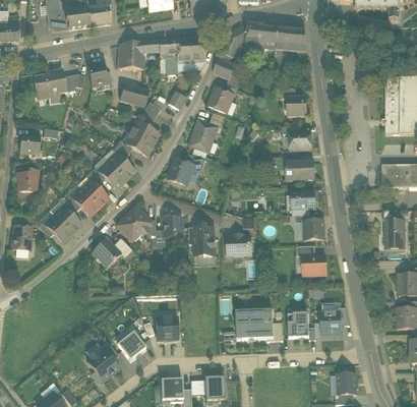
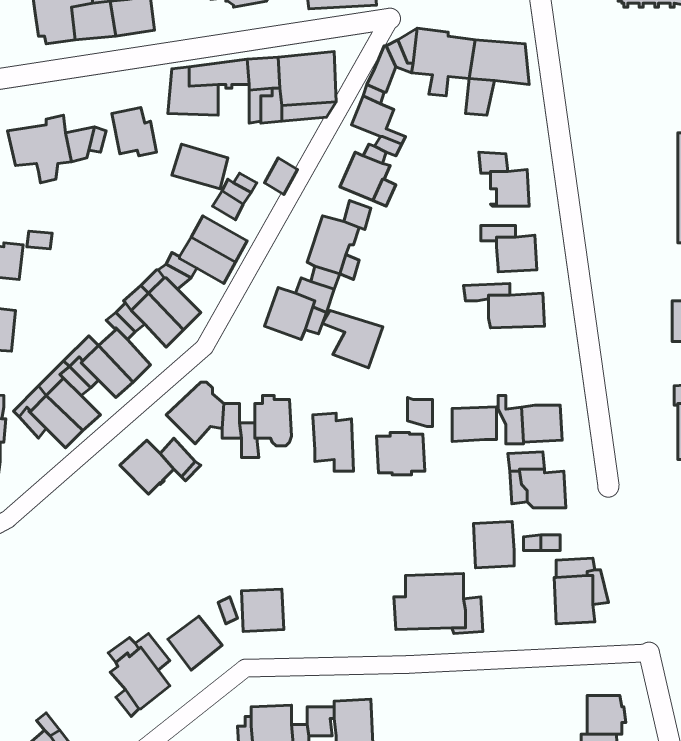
building: none -> [322,310,383,368]
building: [292,191,315,210] -> [452,407,496,441]
building: [288,312,309,337] -> [474,522,514,568]

